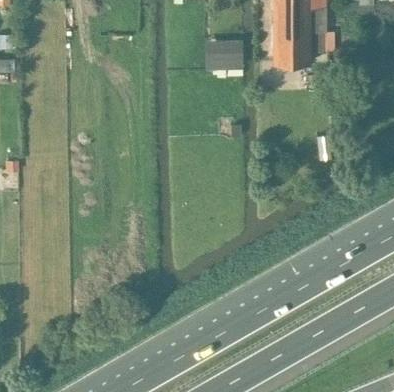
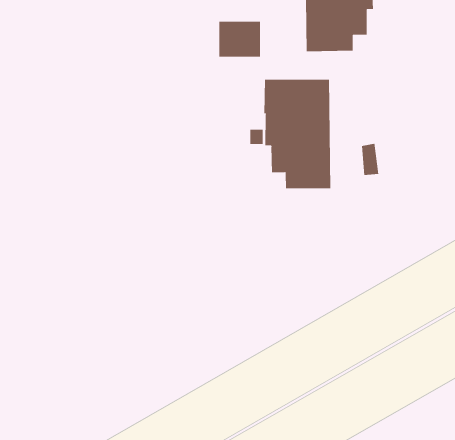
building: none -> [264,79,331,189]

